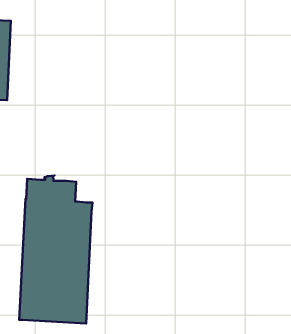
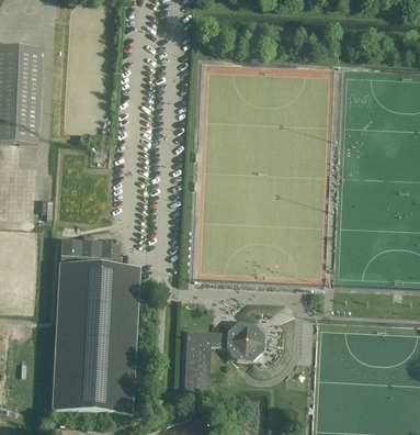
building: none -> [183,322,264,401]

